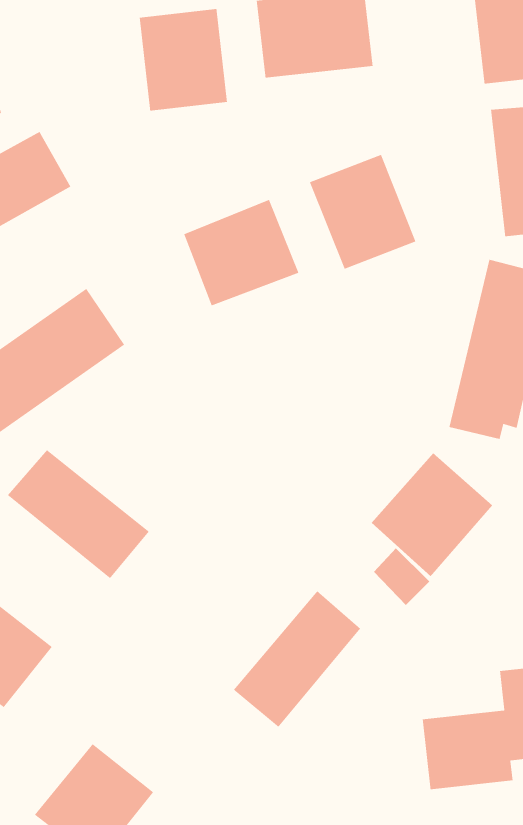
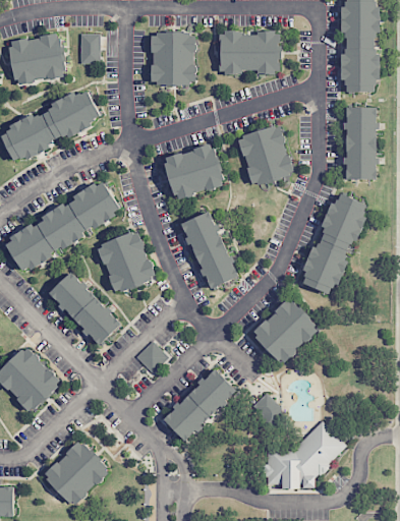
building: none -> [79,34,99,63]
building: none -> [181,210,237,289]
building: none -> [97,230,155,293]
building: [373,548,430,606] -> [252,392,284,425]
building: none -> [135,340,168,373]

